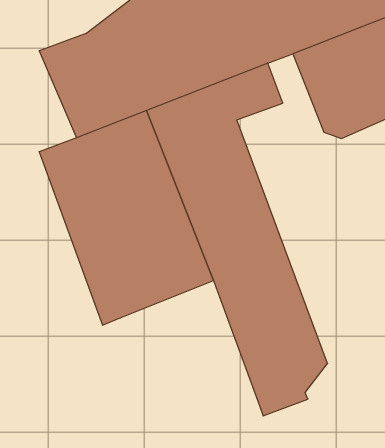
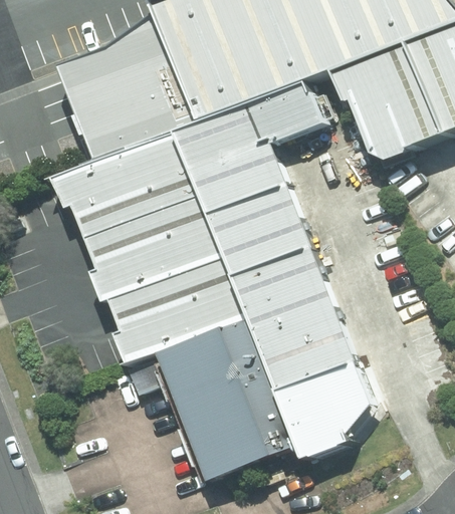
building: none -> [147,313,295,481]

